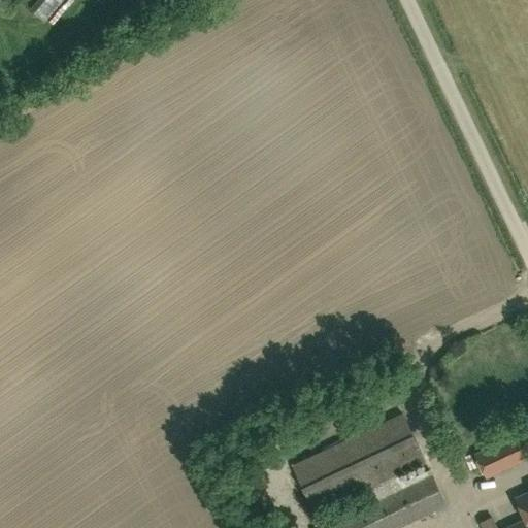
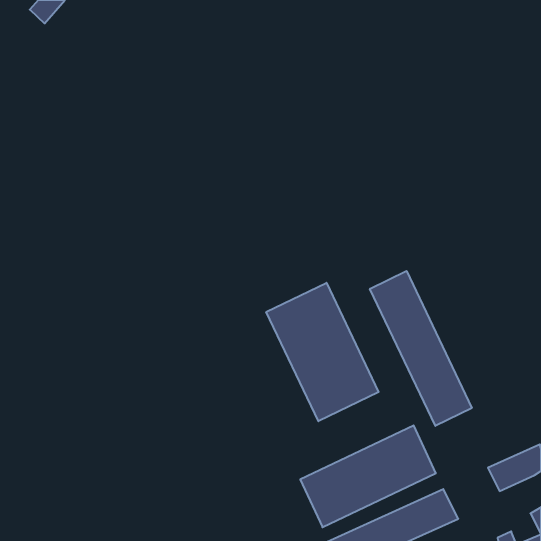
building: none -> [370,271,472,426]
building: none -> [266,283,379,421]

